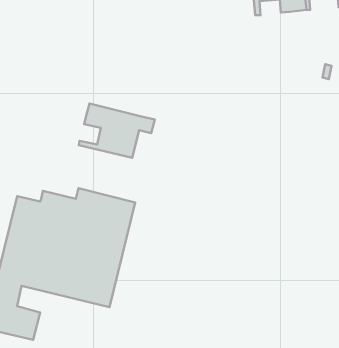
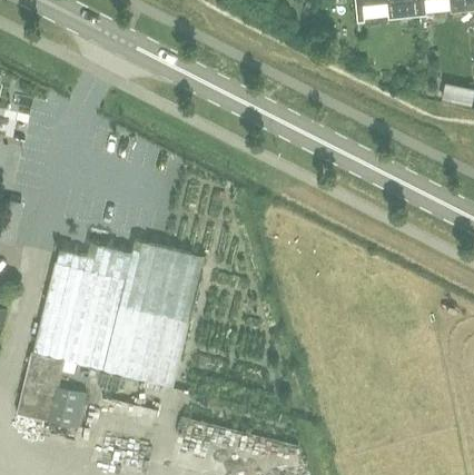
building: [79,103,155,158] -> none

